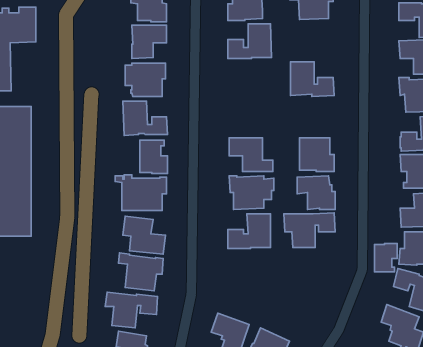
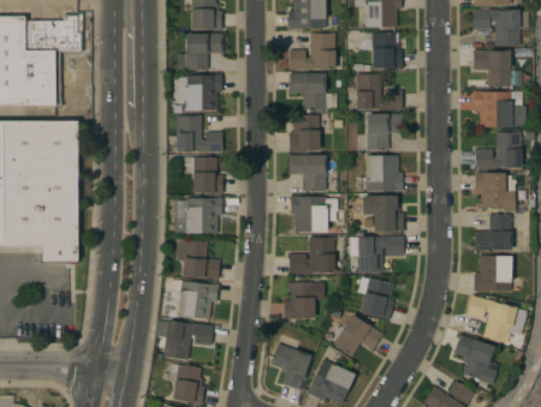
building: none -> [371,32,404,68]
building: none -> [289,73,337,109]
building: none -> [365,113,403,150]
building: none -> [289,115,320,151]
building: [375,243,397,272] -> none
building: none -> [359,276,393,319]
building: none -> [284,282,315,318]
building: none -> [328,315,384,357]

